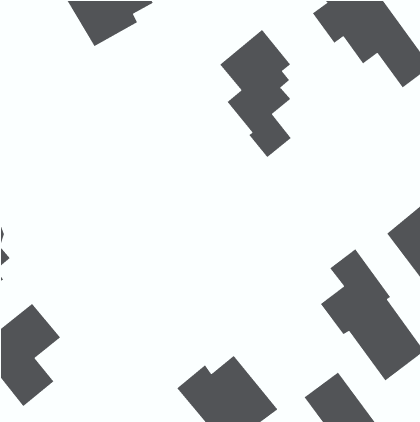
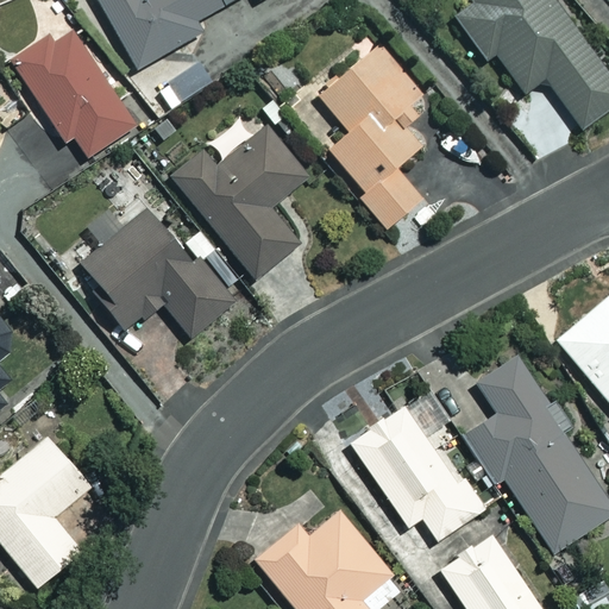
building: none -> [10,32,137,159]
building: none -> [170,127,308,278]
building: none -> [82,208,237,337]
building: none -> [352,406,484,541]

